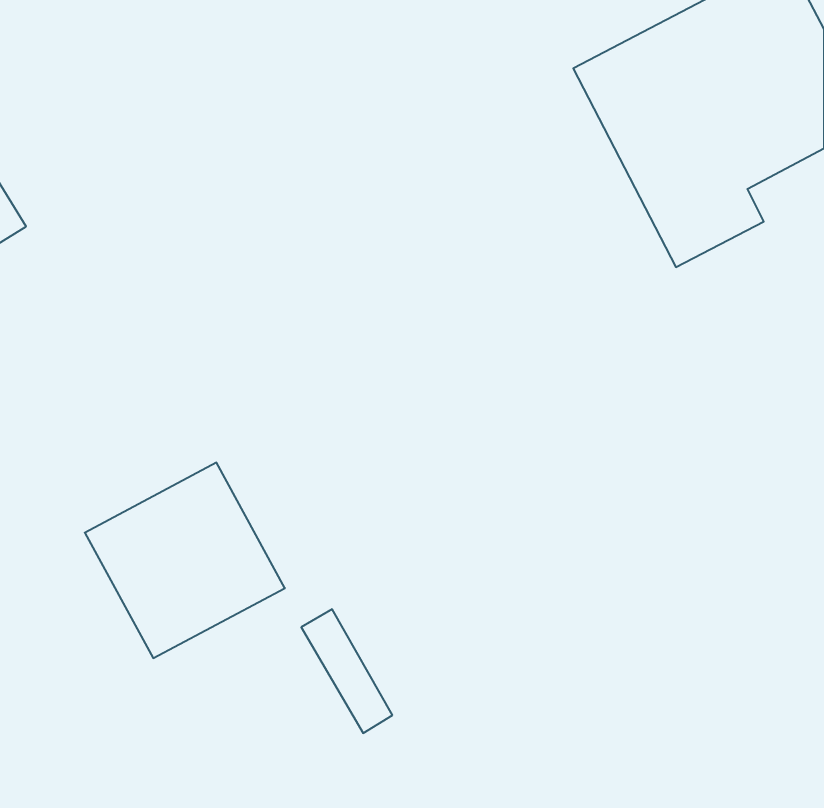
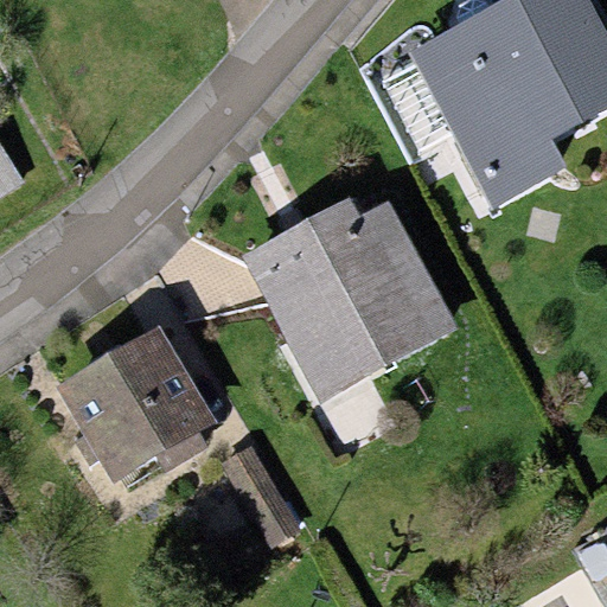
building: none -> [248,203,451,398]

